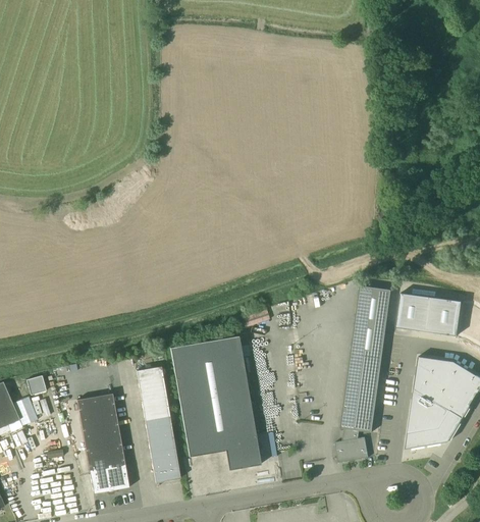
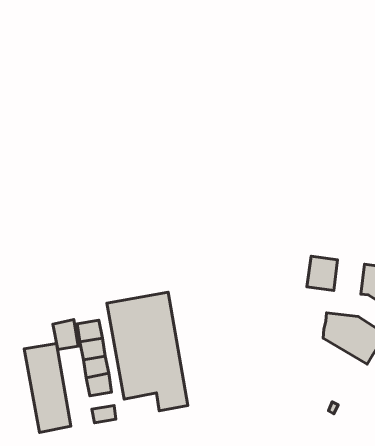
building: [334,284,391,462] -> none
building: [426,298,461,336] -> none
building: none -> [53,320,78,349]
building: [405,386,464,450] -> none
building: [150,448,177,467] -> none

